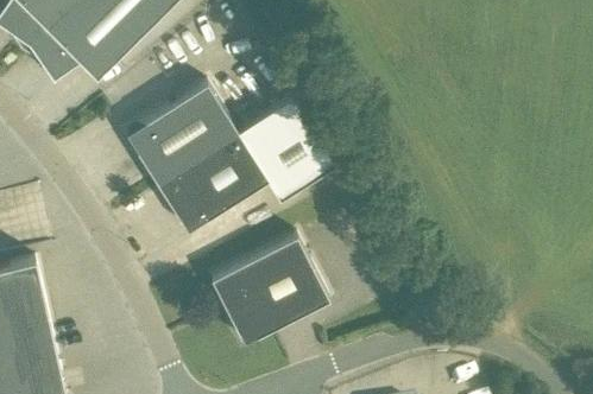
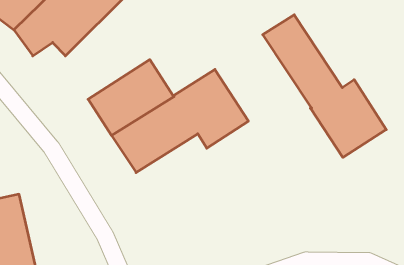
building: none -> [263,15,386,157]
building: [210,239,329,345] -> none

